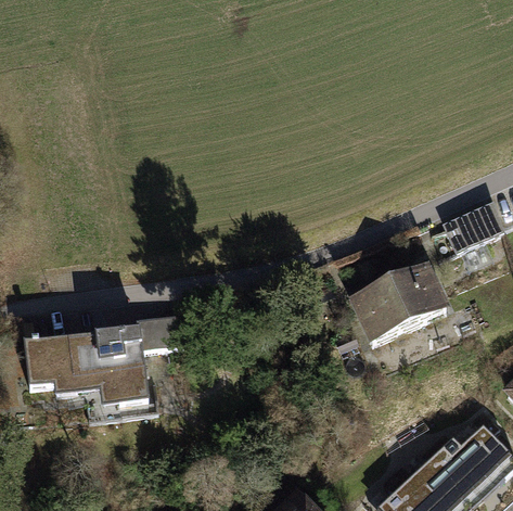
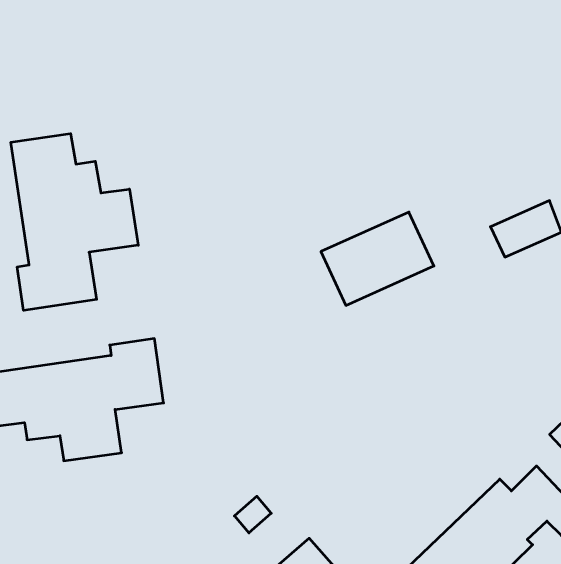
building: none -> [11,134,138,310]
building: [355,263,448,340] -> [321,212,434,305]

